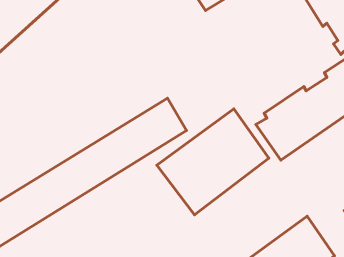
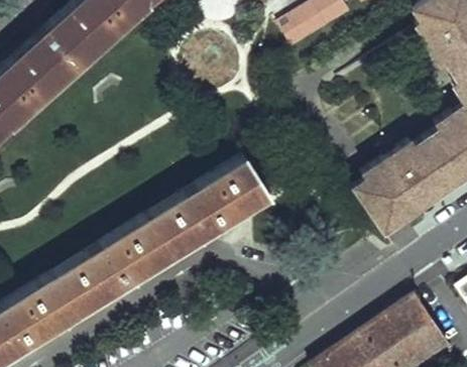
building: [157,109,269,215] -> none

